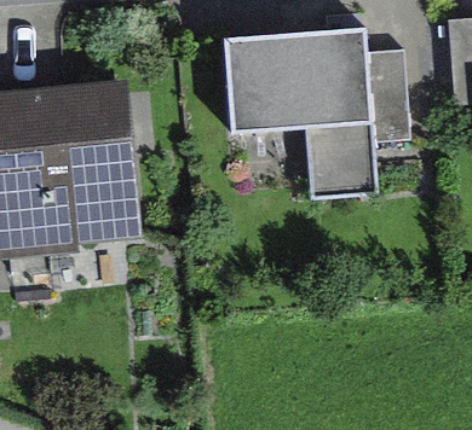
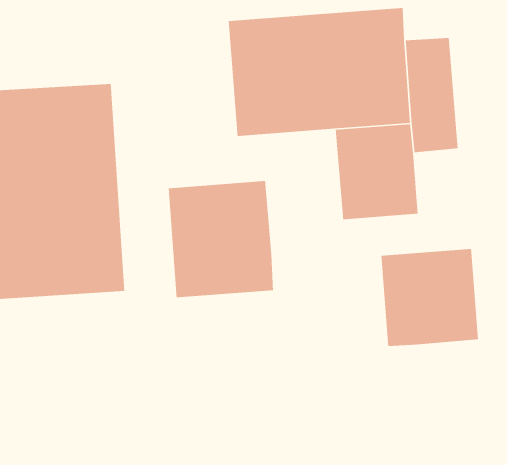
building: none -> [168,180,274,298]
building: none -> [380,248,479,347]

